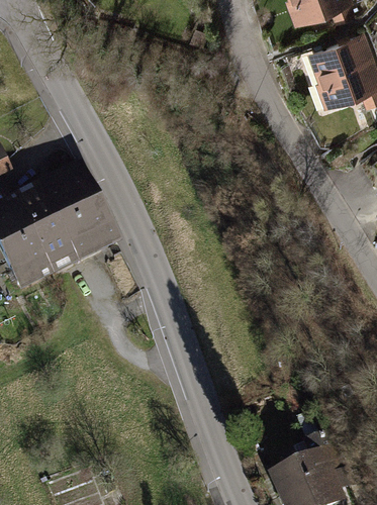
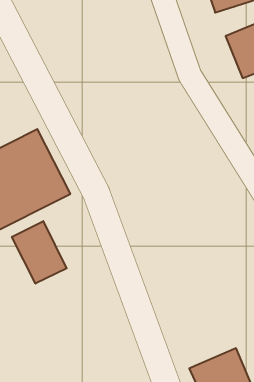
building: none -> [12,221,67,284]

